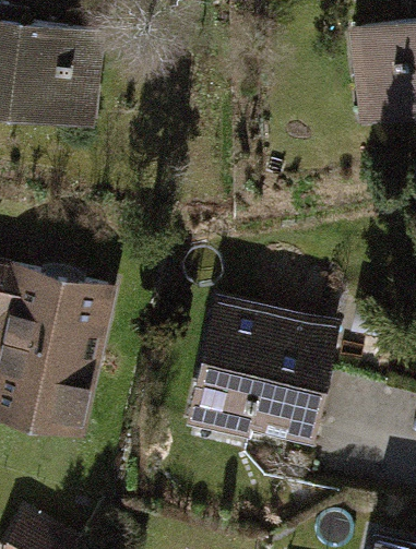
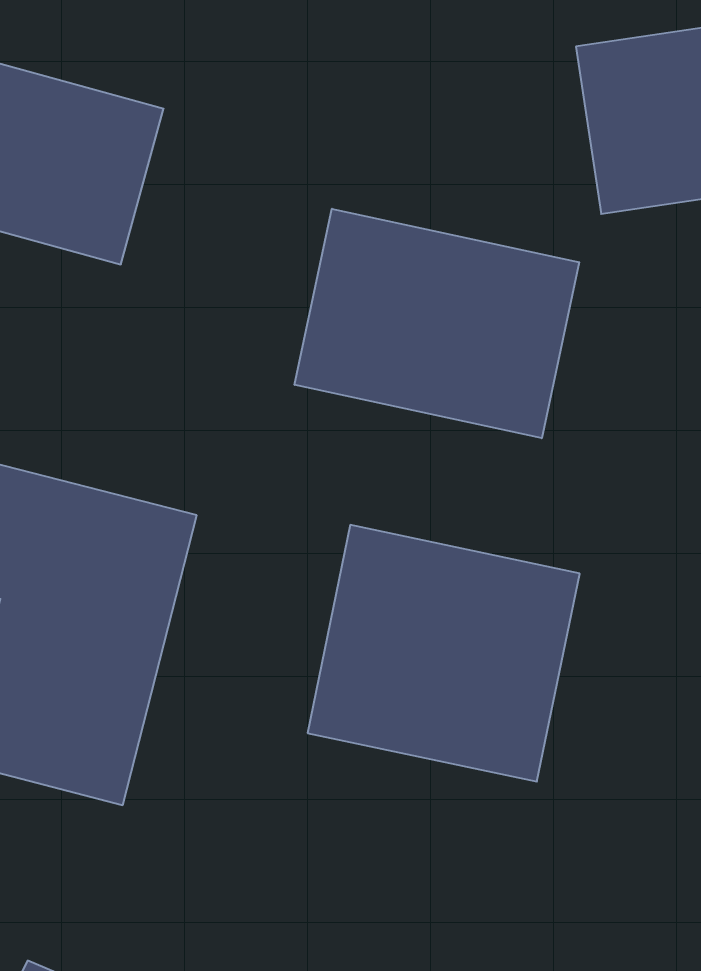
building: none -> [295,209,579,438]

